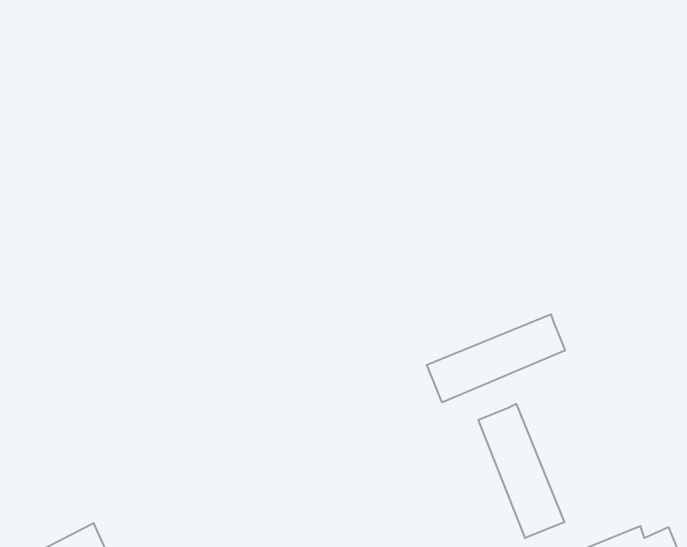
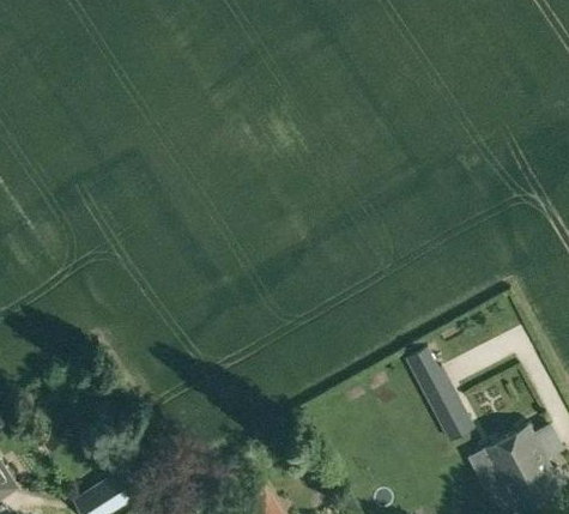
building: [427,314,565,402] -> none

